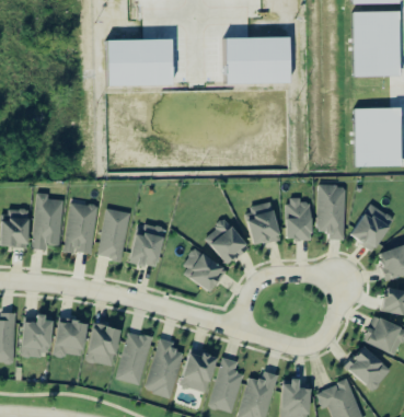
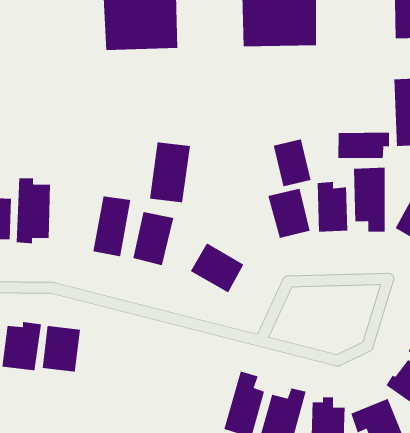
building: none -> [338,132,390,159]
building: none -> [273,139,311,187]
building: [64,201,99,253] -> [149,142,191,203]
building: [205,218,247,262] -> none
building: [86,322,122,366] -> none
building: [116,331,152,384] -> none
building: [146,337,183,396] -> none
building: [183,348,217,392] -> none

